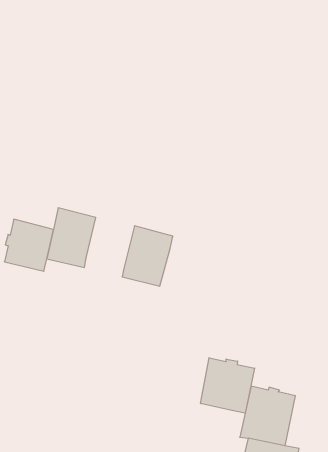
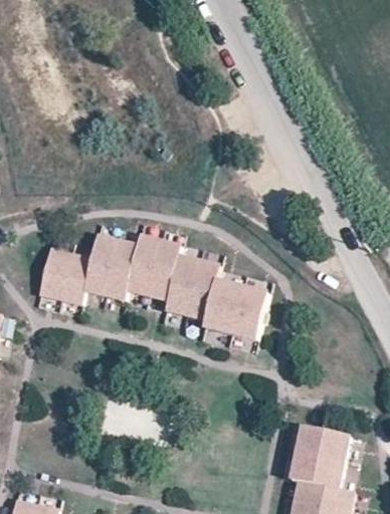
building: none -> [126,236,180,300]
building: none -> [202,279,267,339]
building: [201,358,255,413] -> none

